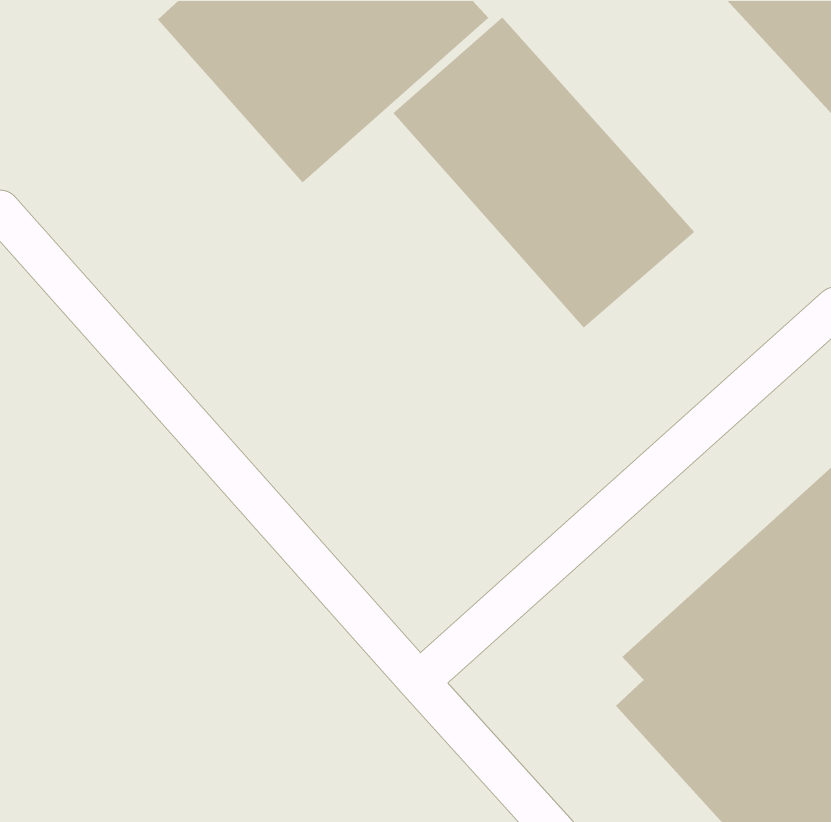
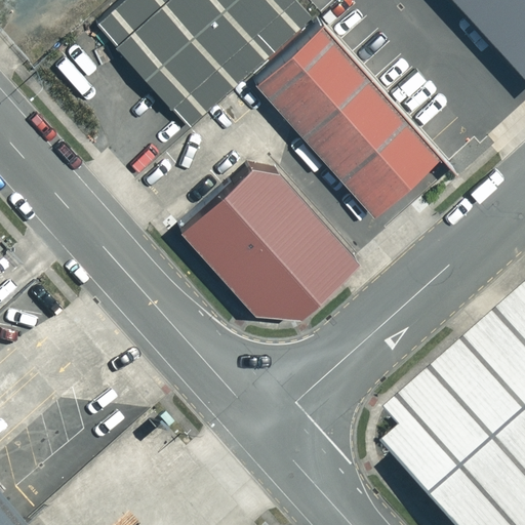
building: none -> [175,164,354,313]

